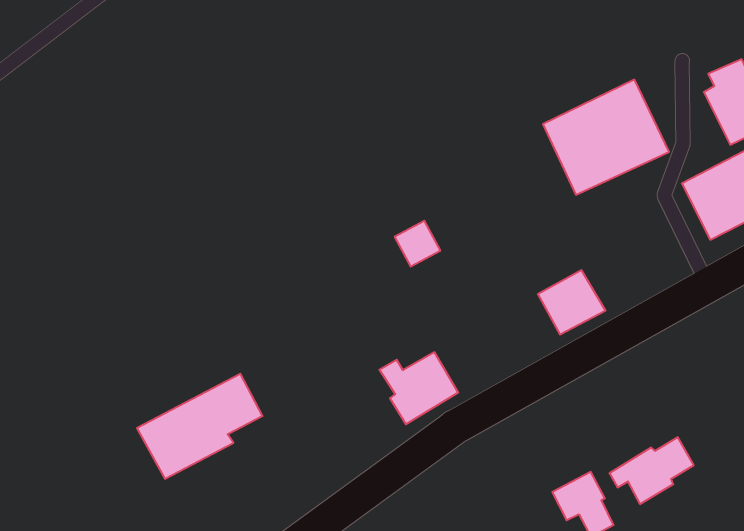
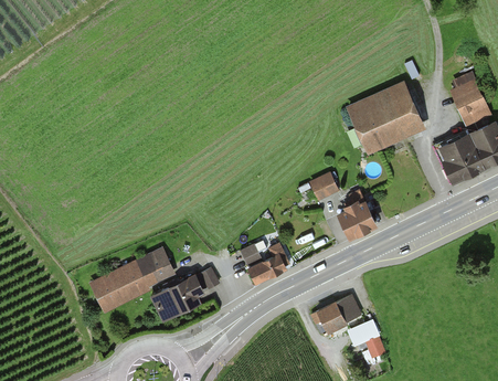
building: [395,221,440,267] -> [310,171,338,199]
building: none -> [152,267,218,322]
building: [609,437,694,504] -> [306,296,358,336]

